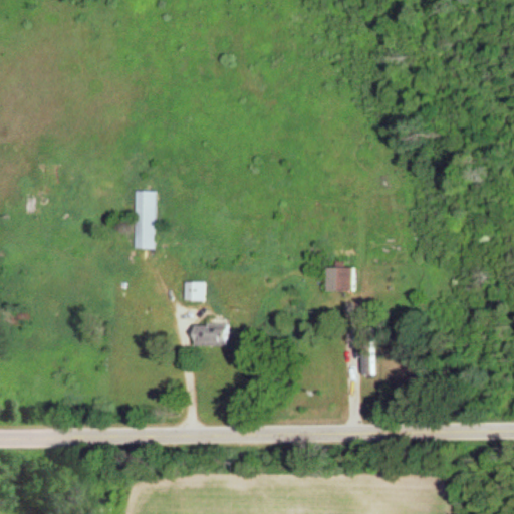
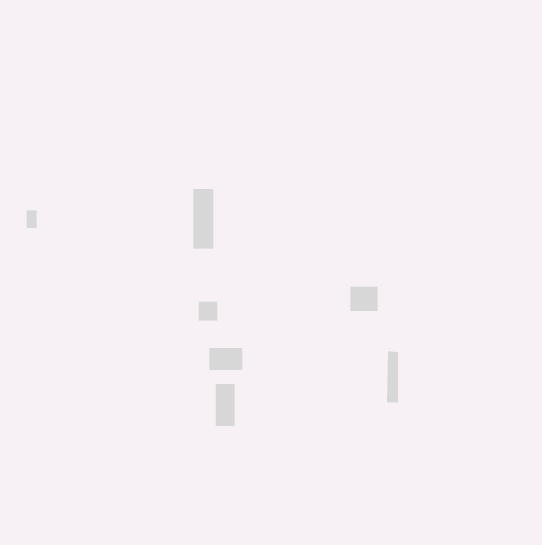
building: [135,191,155,248] -> [193,188,214,249]
building: none -> [215,383,236,427]

